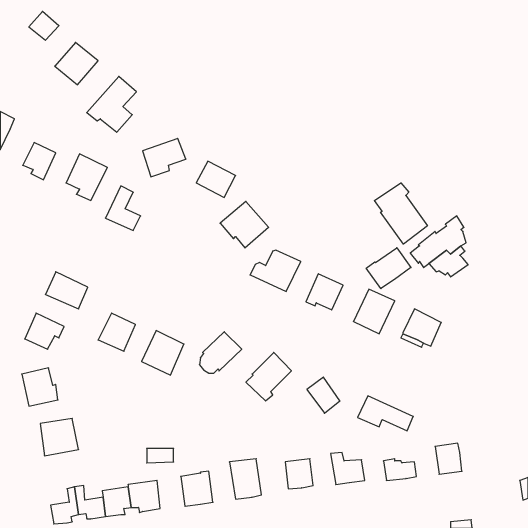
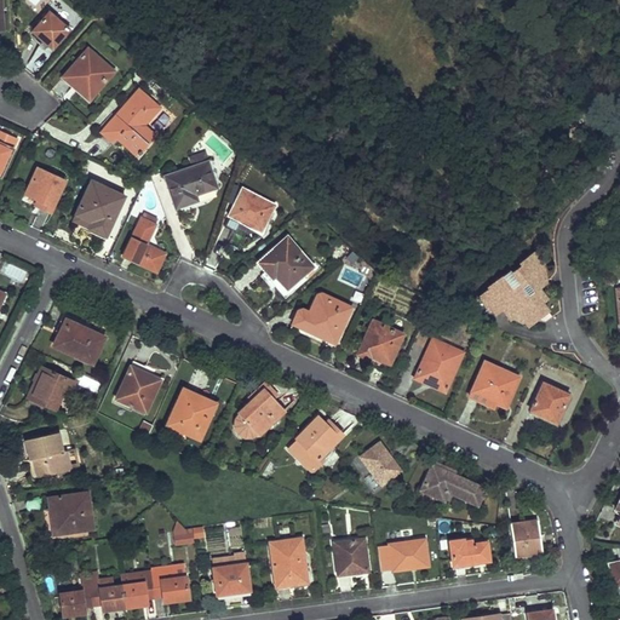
building: [374,183,427,244] -> none
building: [366,248,411,289] -> none
building: none -> [529,383,569,421]

